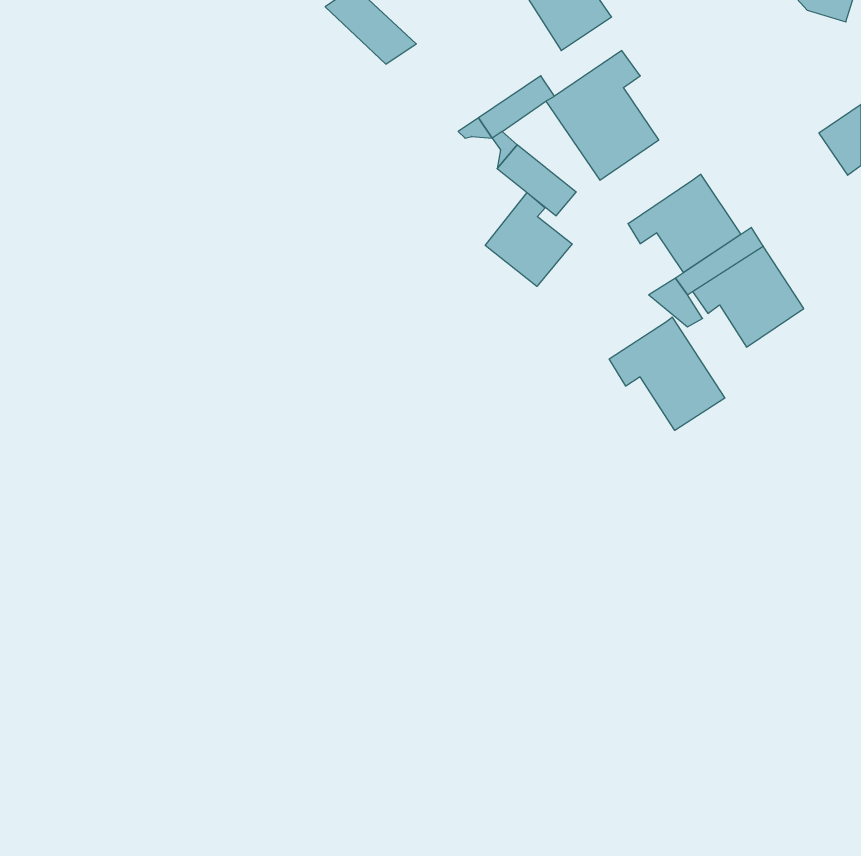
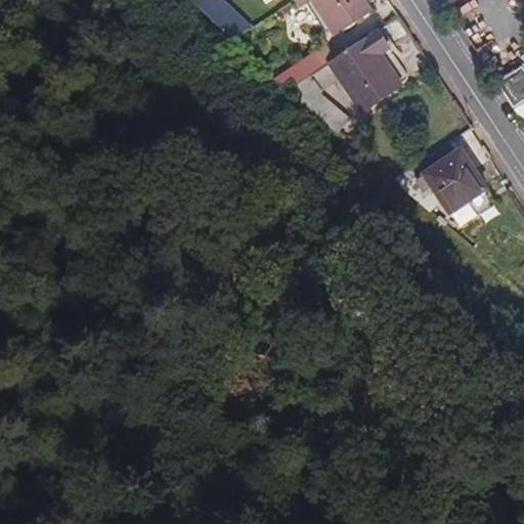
building: [628,174,741,273] -> none
building: [485,193,572,286] -> none
building: [609,317,725,430] -> none

